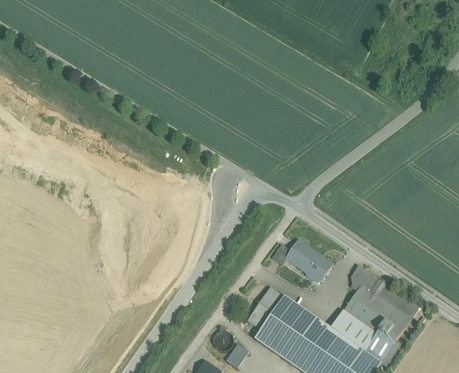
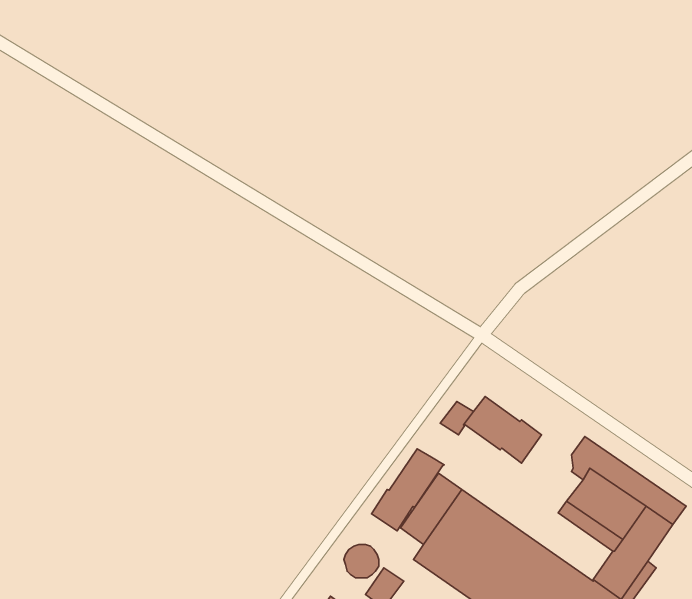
building: none -> [372,449,444,531]
building: [330,310,375,351] -> none

